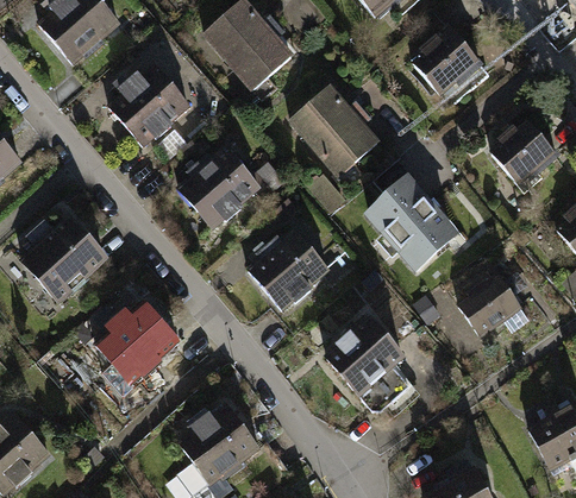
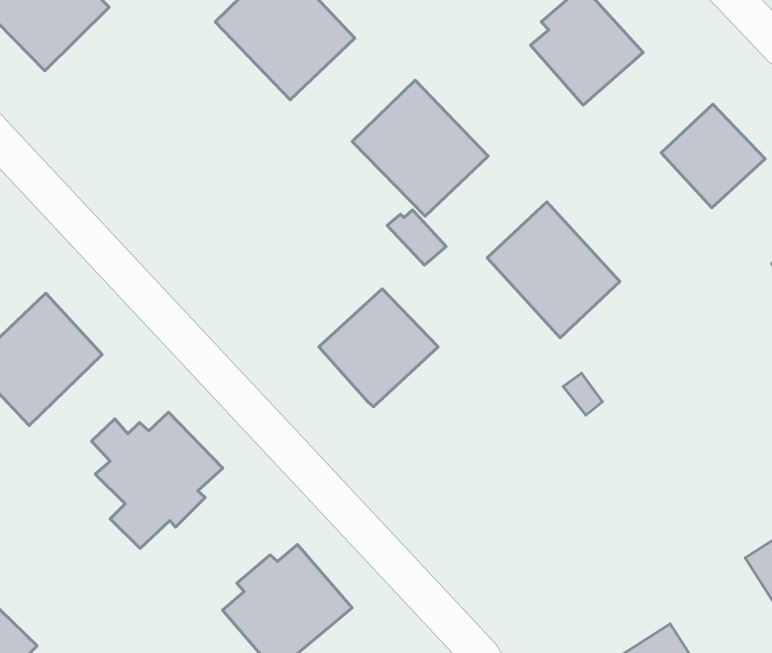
building: [101,68,186,150] -> none
building: [181,145,263,226] -> none
building: [462,272,525,335] -> none
building: [330,316,412,406] -> none

